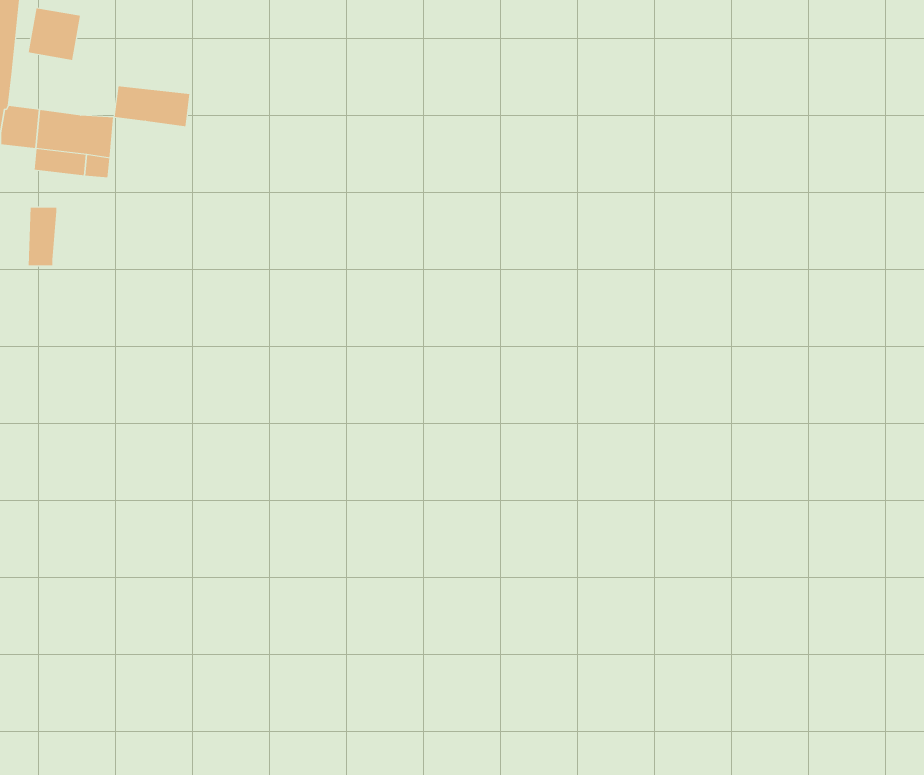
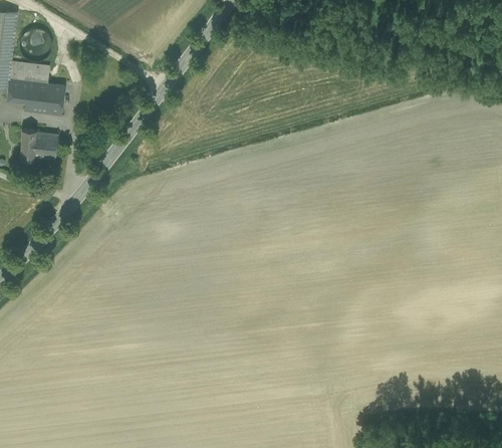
building: [114,86,190,127] -> [10,62,49,83]
building: none -> [33,133,57,160]

